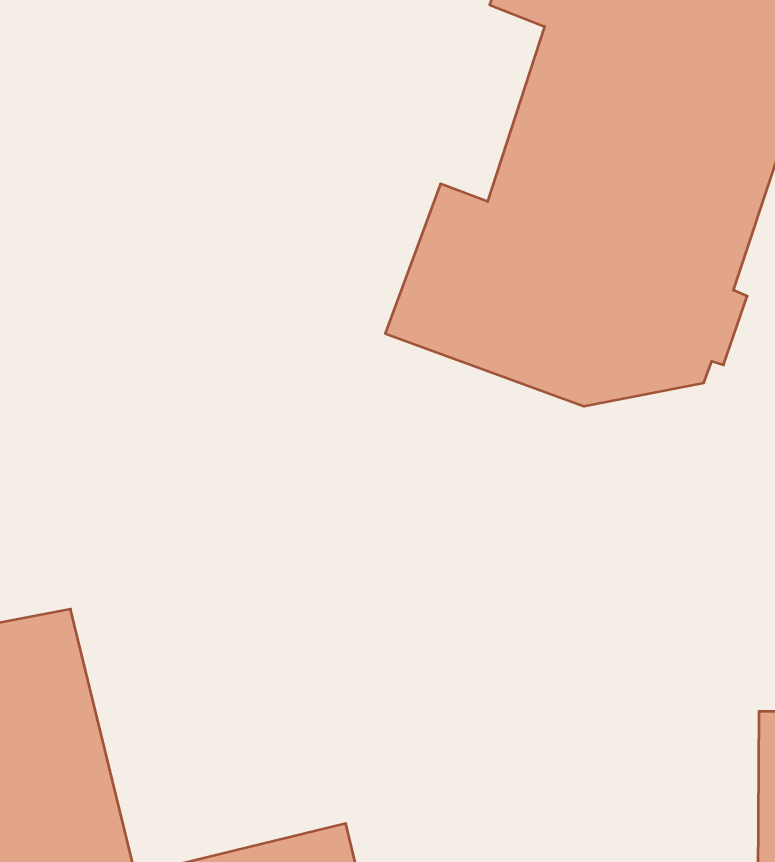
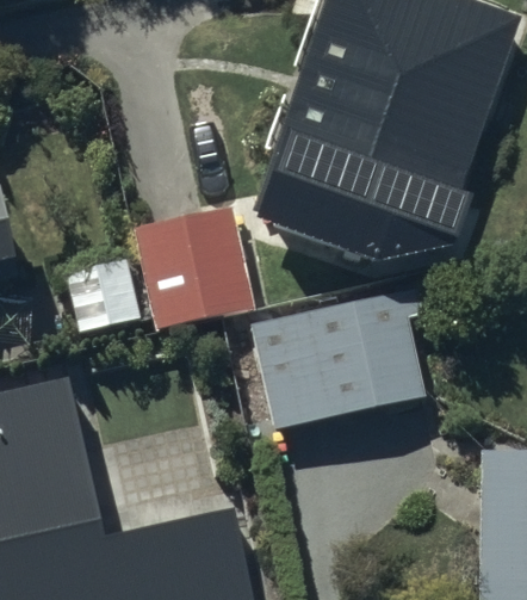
building: none -> [132,203,258,327]
building: none -> [250,283,424,423]

